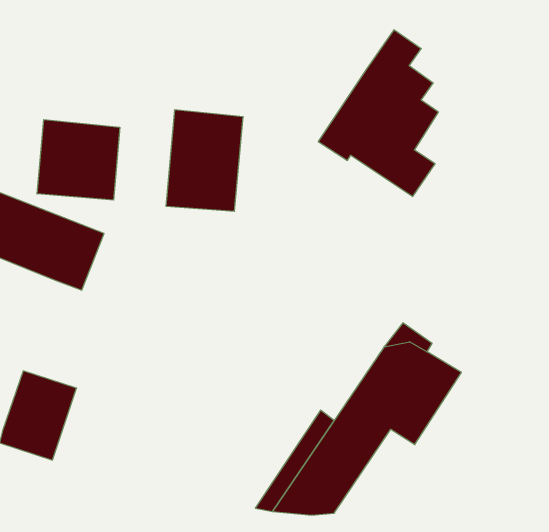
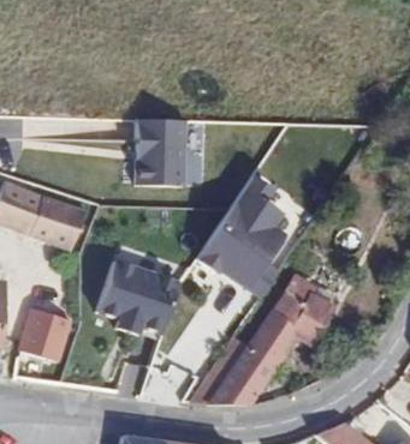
building: [318,30,438,196] -> [196,182,280,299]
building: [37,120,120,200] -> none
building: none -> [101,252,186,330]

